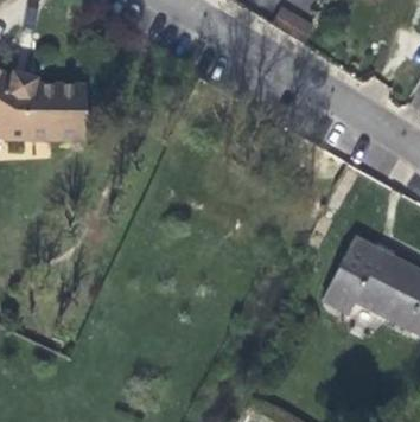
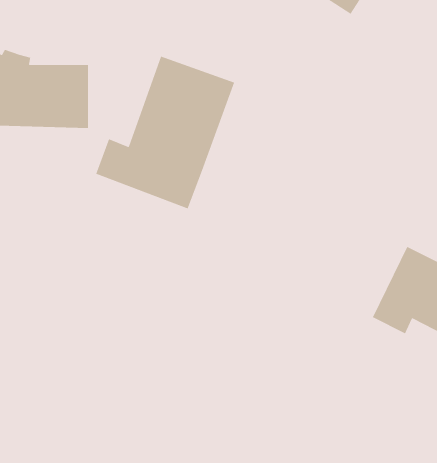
building: none -> [95,56,235,210]

